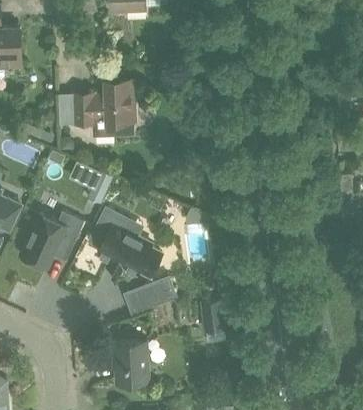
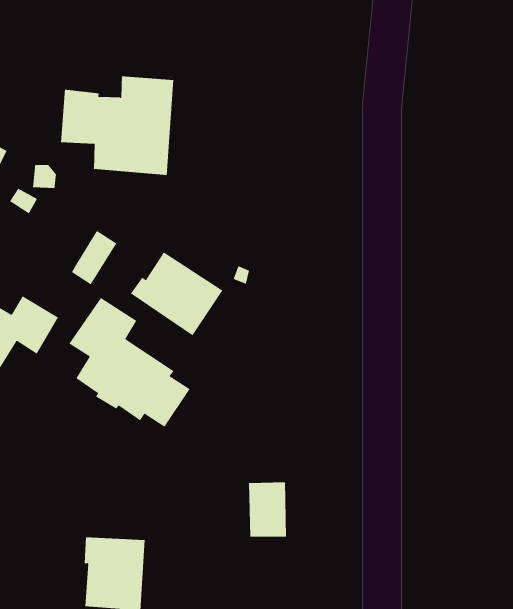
building: none -> [130,252,223,336]
building: [133,275,182,312] -> none

